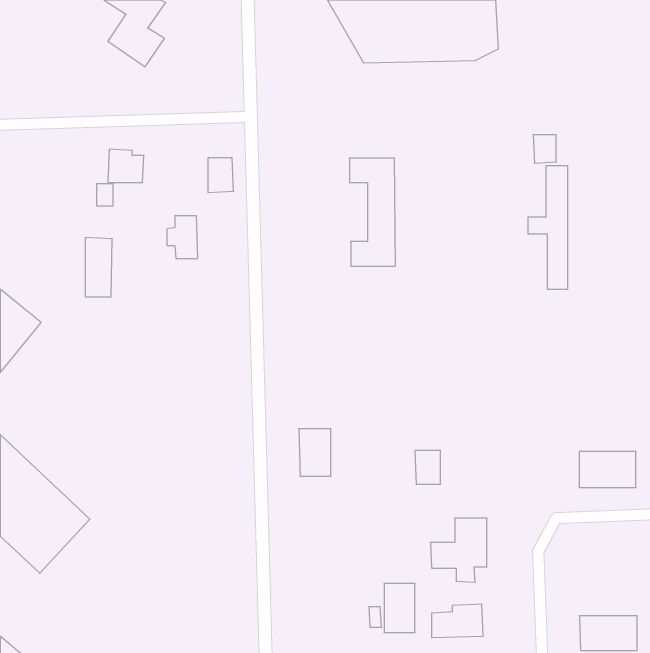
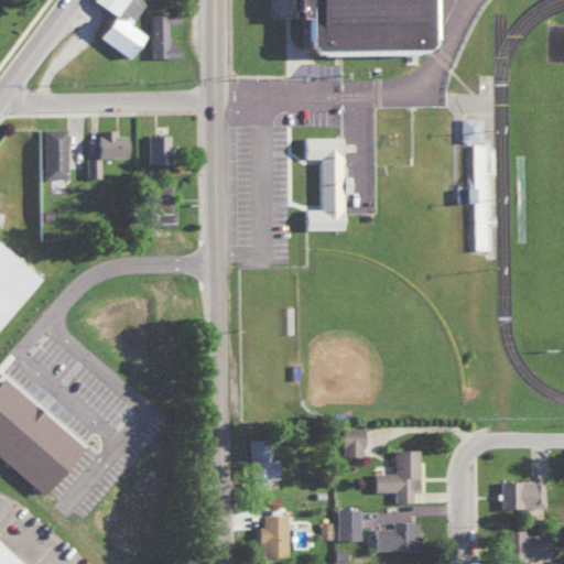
building: none -> [152,14,182,59]
building: [208,158,234,193] -> [150,137,172,166]
building: [85,238,112,297] -> [46,130,69,181]
building: [299,429,331,476] -> [248,442,275,482]
building: [415,451,441,484] -> [344,429,366,457]
building: [579,452,636,488] -> [501,479,550,510]
building: none -> [261,514,288,555]

